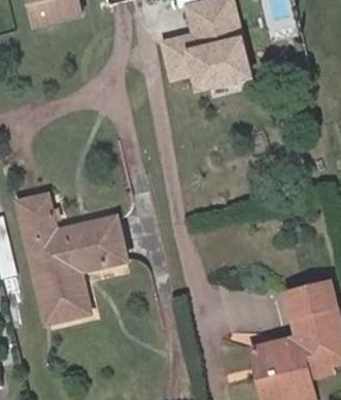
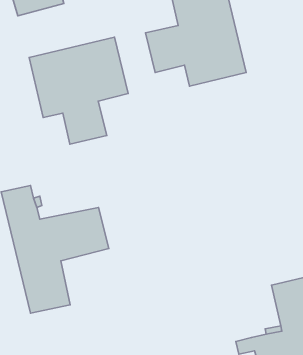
building: none -> [29,37,128,144]

